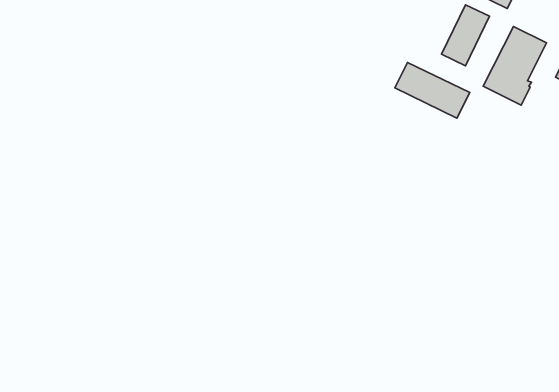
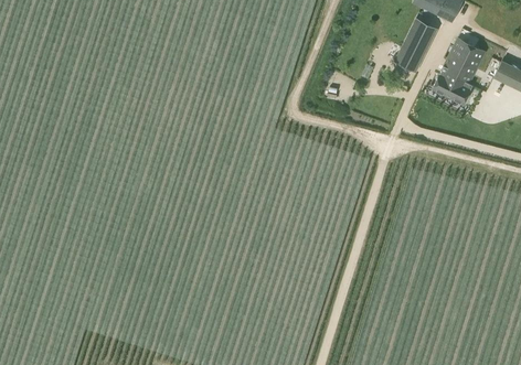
building: [395,62,470,118] -> none

